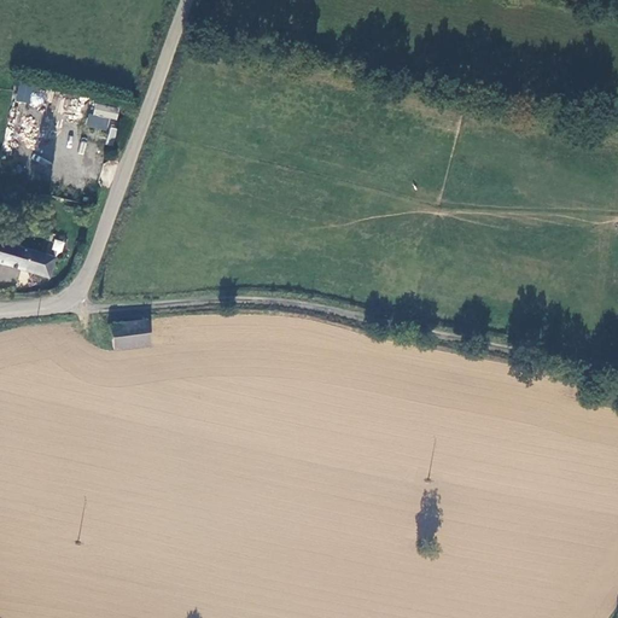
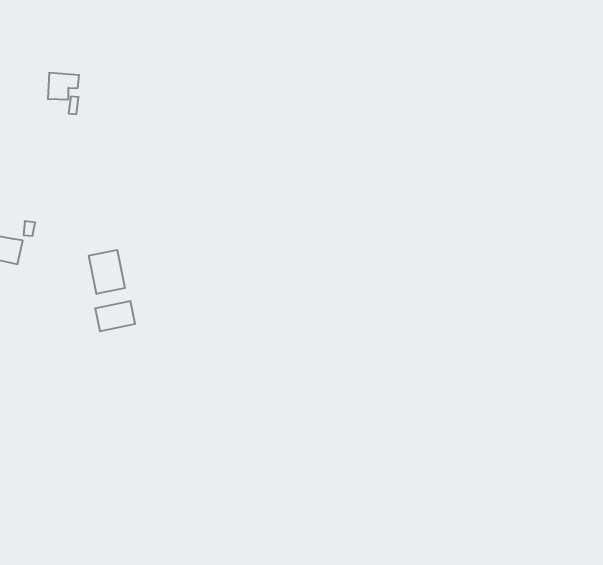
building: none -> [89,250,125,294]

